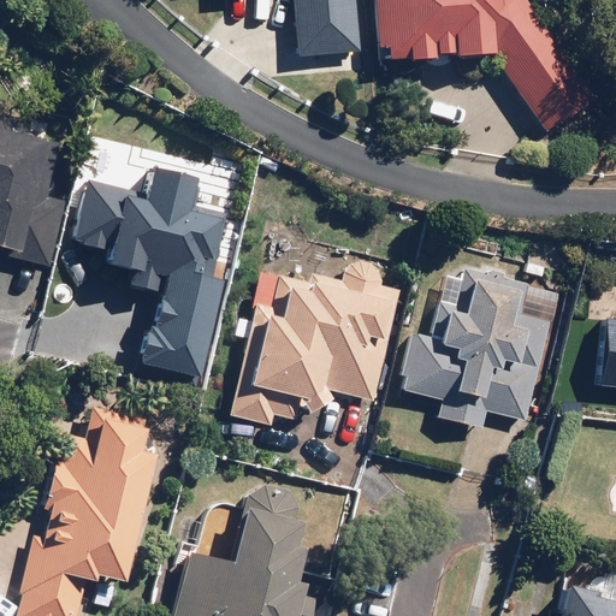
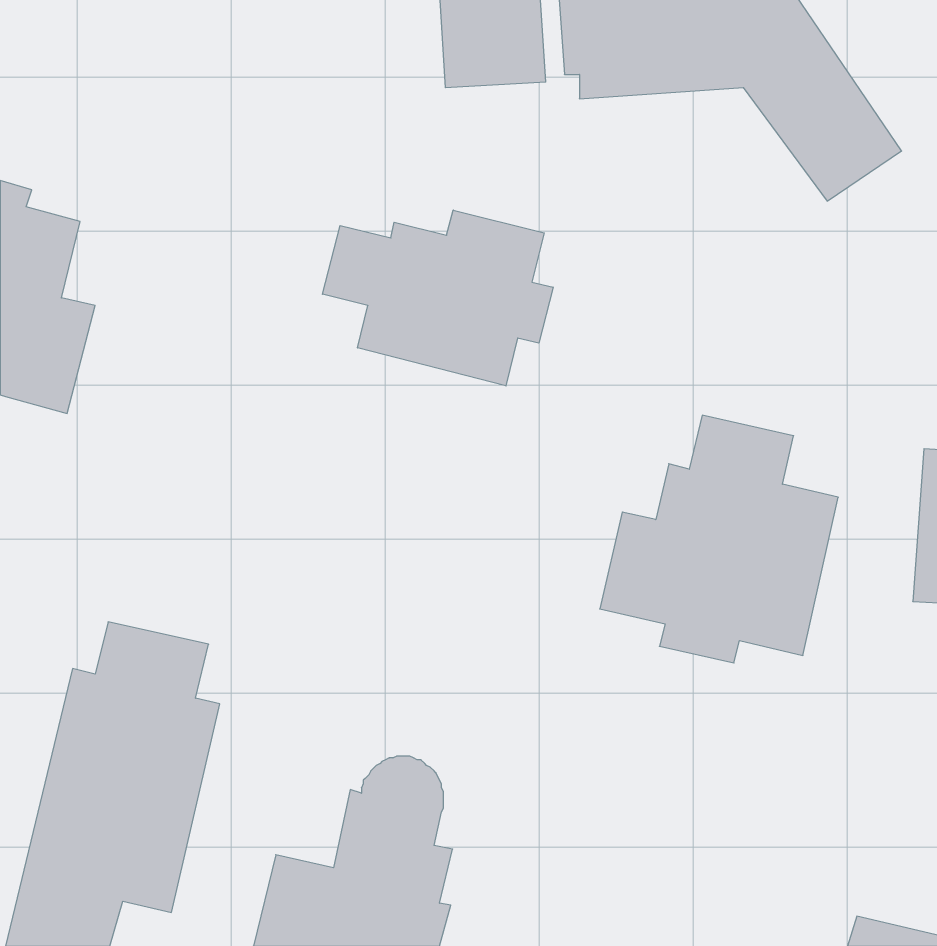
building: none -> [322,210,553,386]
building: [71,164,227,378] -> none
building: [226,257,405,427] -> none

